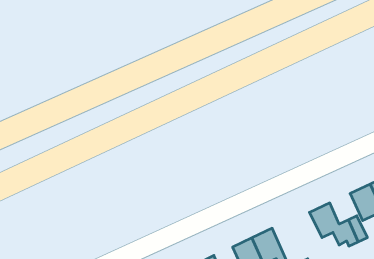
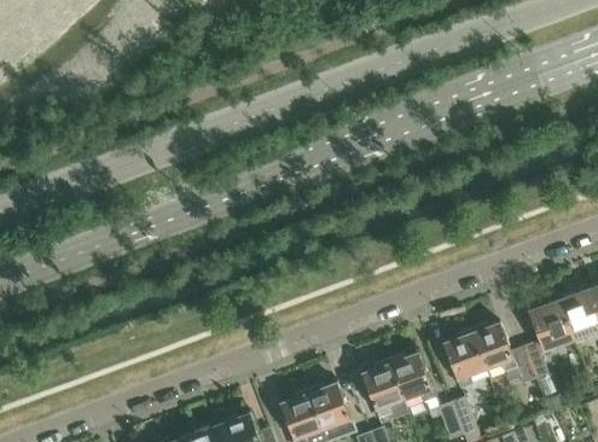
building: none -> [442,332,486,388]

